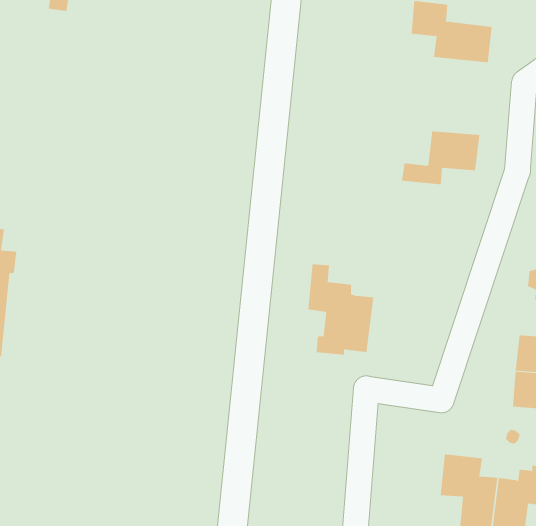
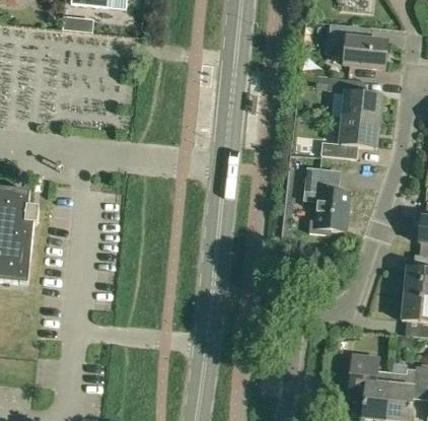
building: none -> [327,76,380,121]
building: [308,264,374,355] -> [302,166,351,233]

